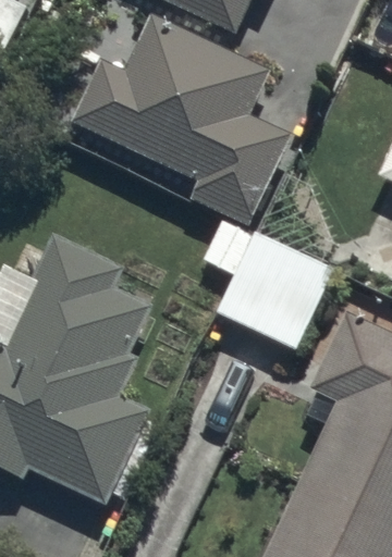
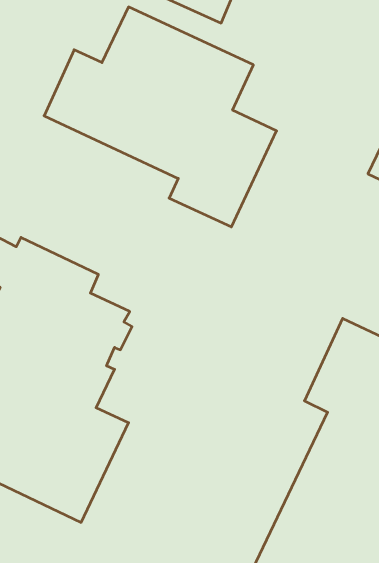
building: [218,232,333,348] -> none

